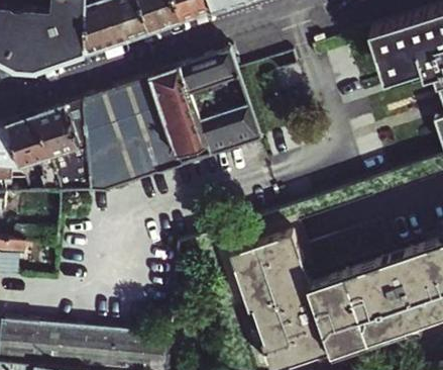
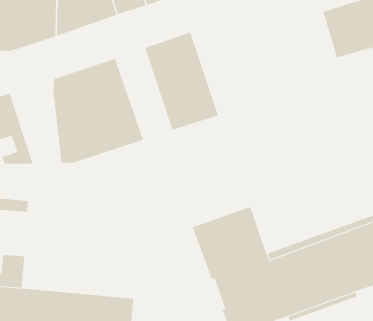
building: [147,66,208,165] -> none
building: [34,99,89,191] -> none

